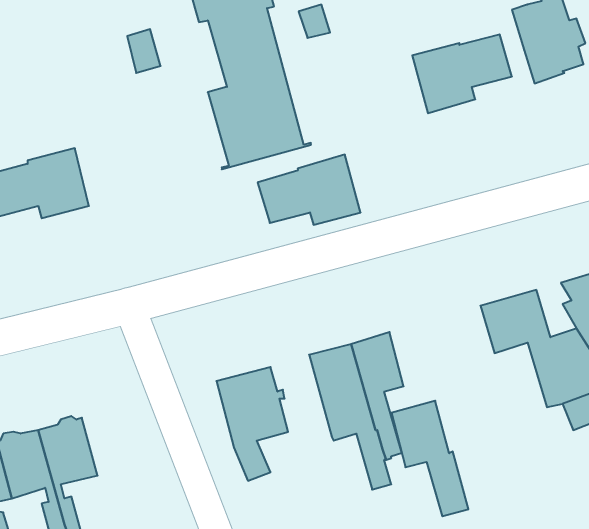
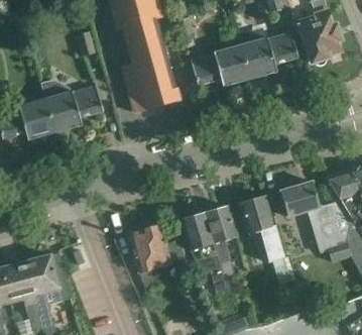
building: none -> [41,81,104,133]
building: [258,155,361,225] -> [191,46,250,87]
building: [391,401,468,516] -> [240,196,284,262]

